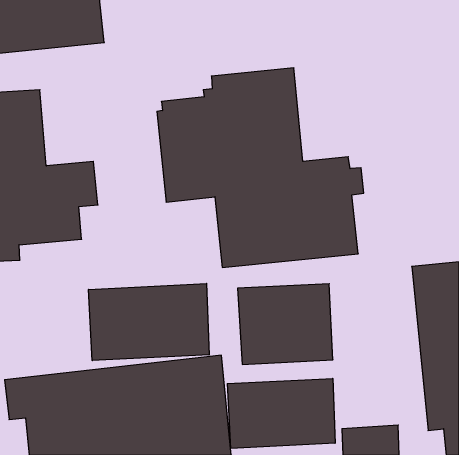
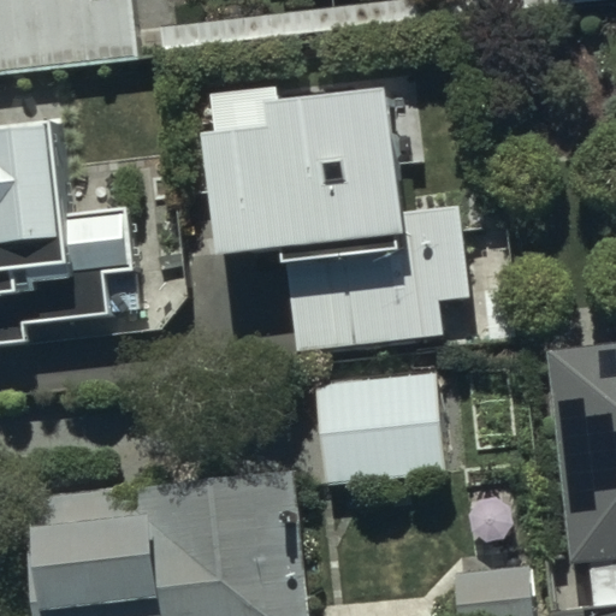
building: [89,283,209,361] -> none
building: [227,378,335,448] -> none

